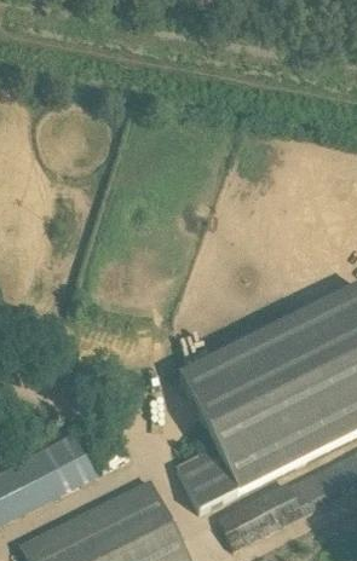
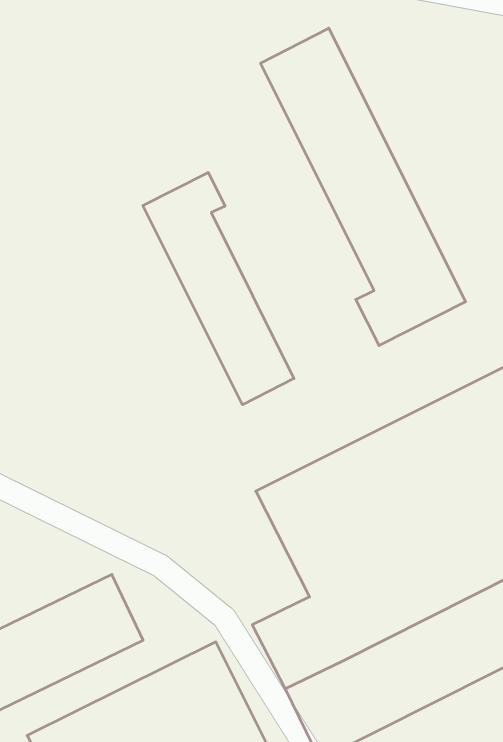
building: none -> [261,28,466,346]
building: none -> [143,172,294,405]

